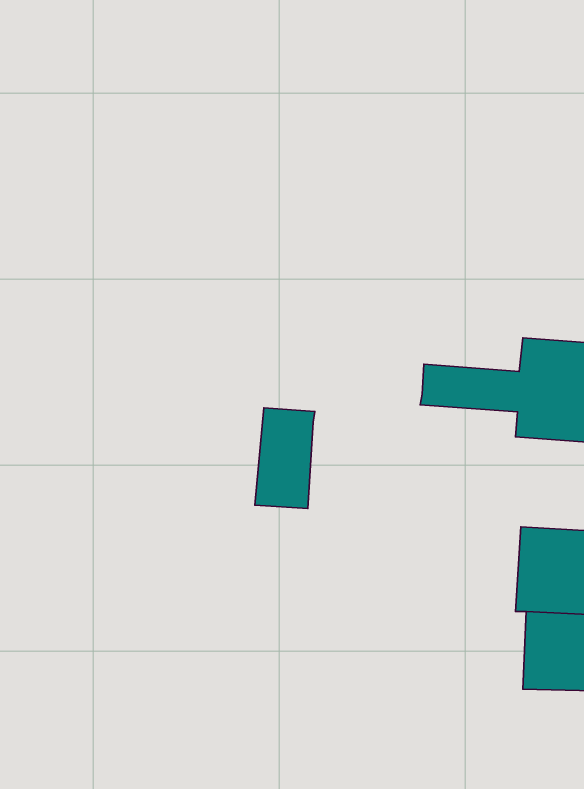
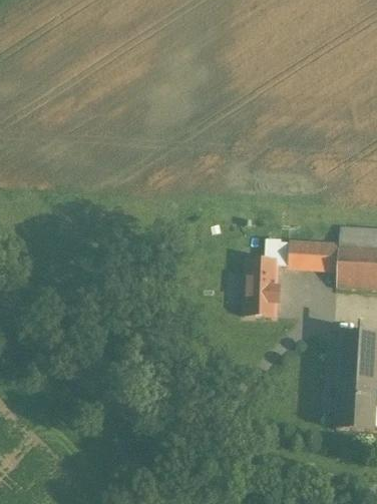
building: [255,408,315,509] -> [245,258,279,315]

